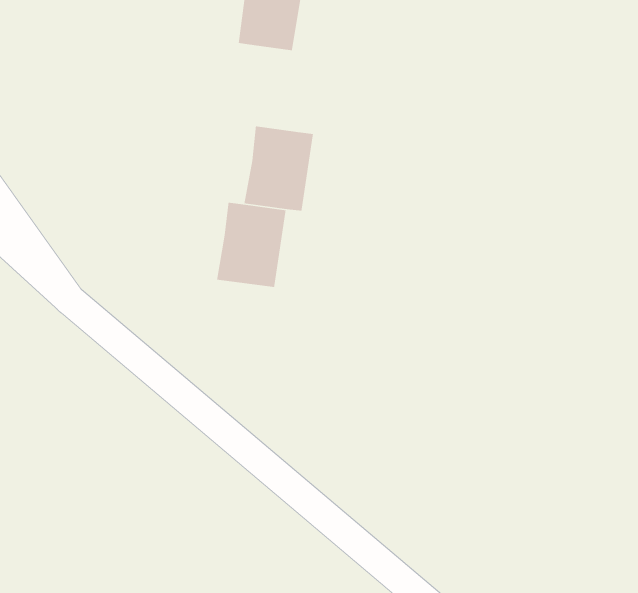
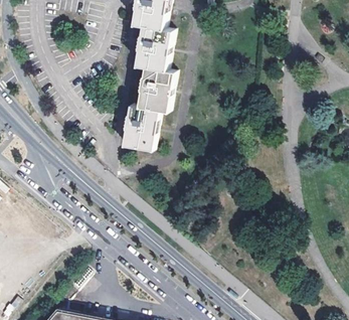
building: none -> [133,25,169,69]

